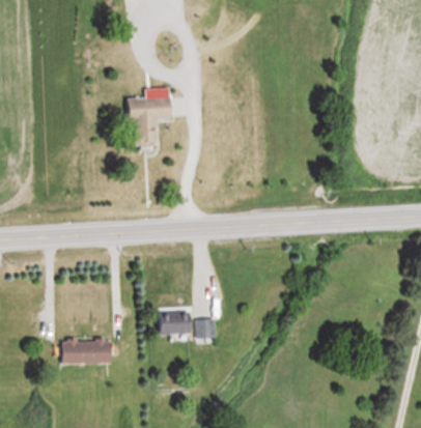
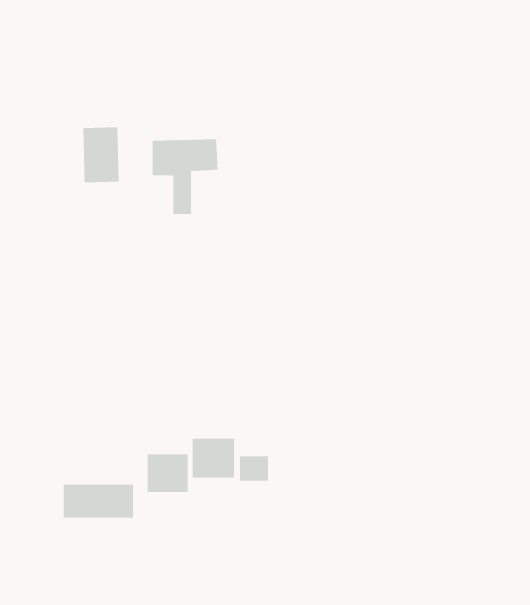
building: none -> [83,127,119,183]
building: none -> [147,454,188,493]

